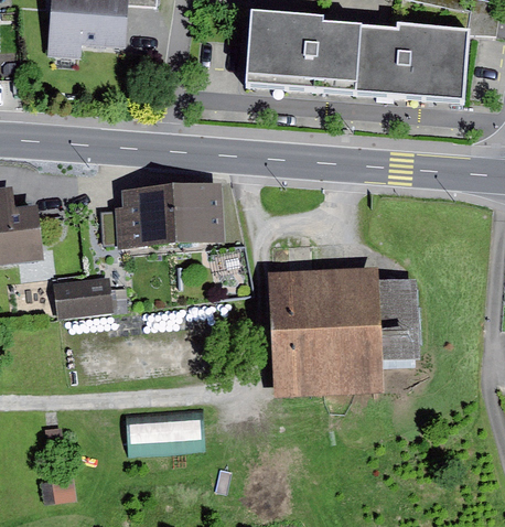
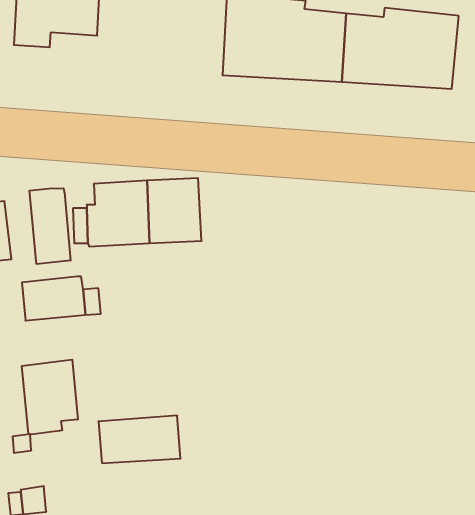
building: none -> [29,188,70,264]
building: [269,269,418,397] -> none
building: none -> [22,360,78,434]

